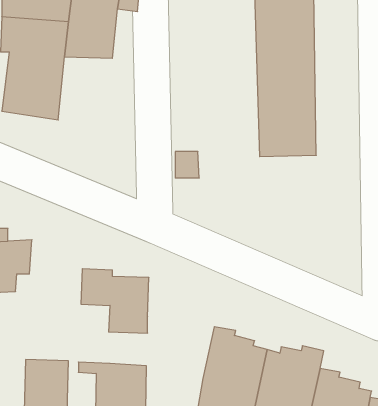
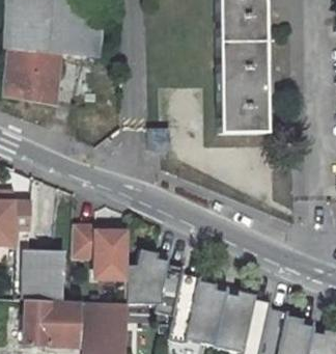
building: none -> [27,248,63,301]
building: none -> [127,250,184,316]

